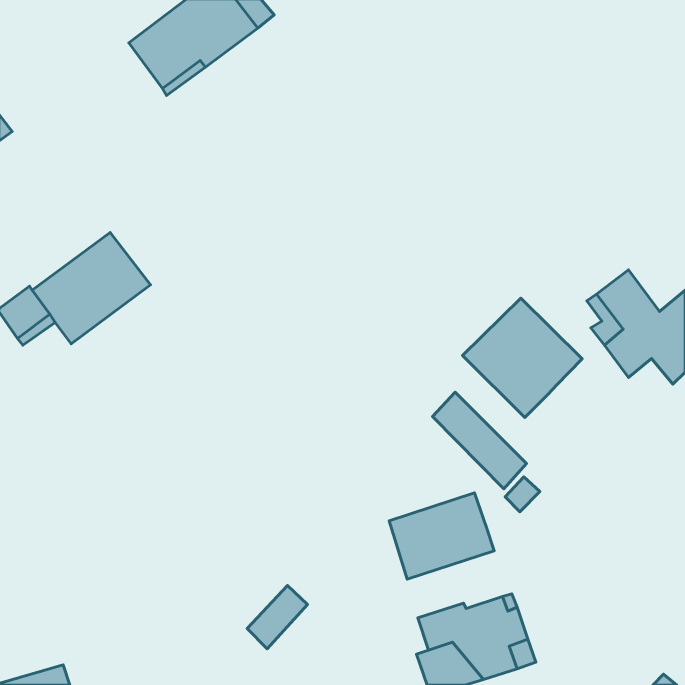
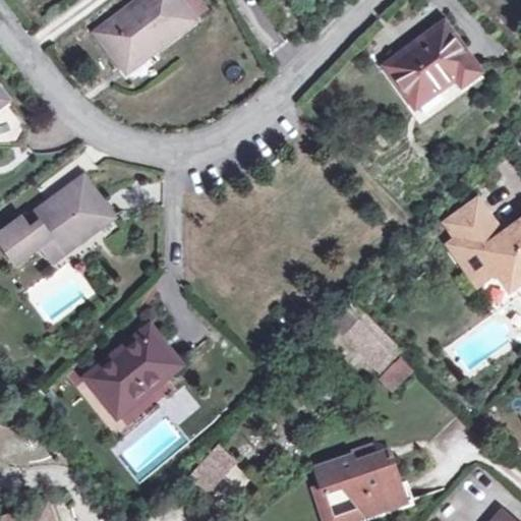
building: none -> [388,25,479,106]
building: [463,298,582,417] -> none
building: none -> [88,327,181,415]
building: [389,493,494,579] -> none

